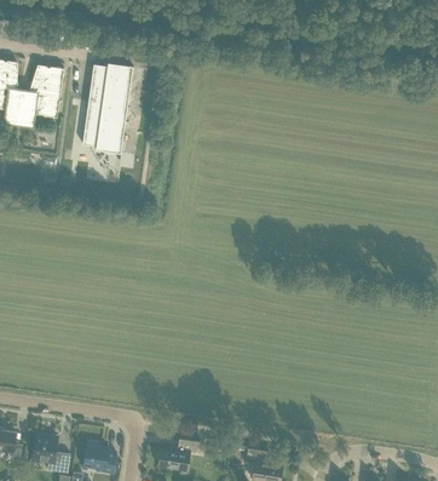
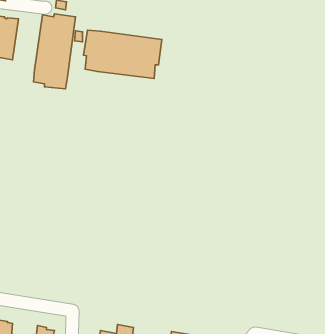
building: none -> [83,30,162,78]

